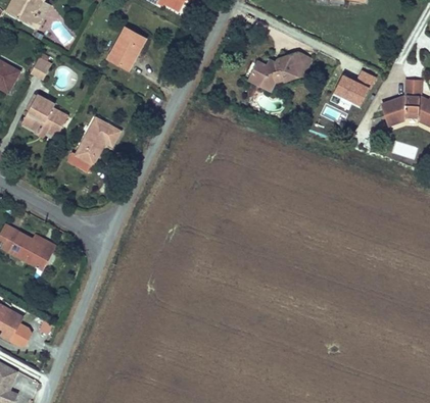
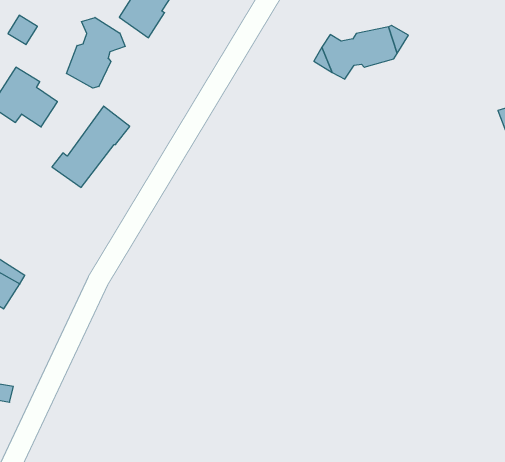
building: none -> [67,17,125,88]
building: [333,69,374,105] -> none

